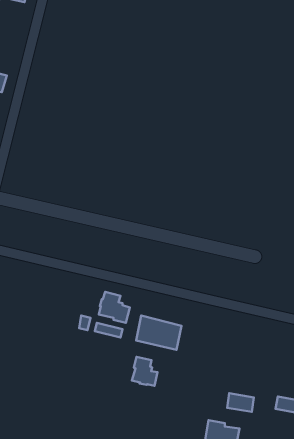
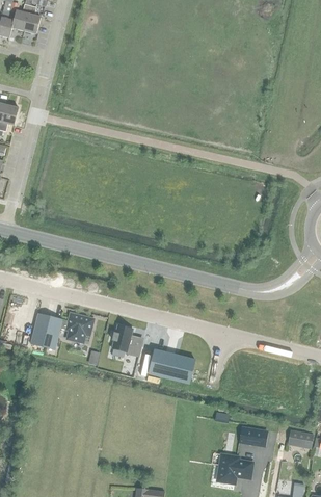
building: none -> [30,312,93,348]
building: [132,357,157,386] -> none

